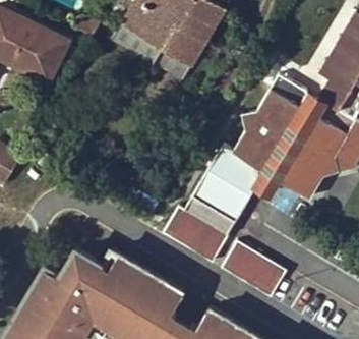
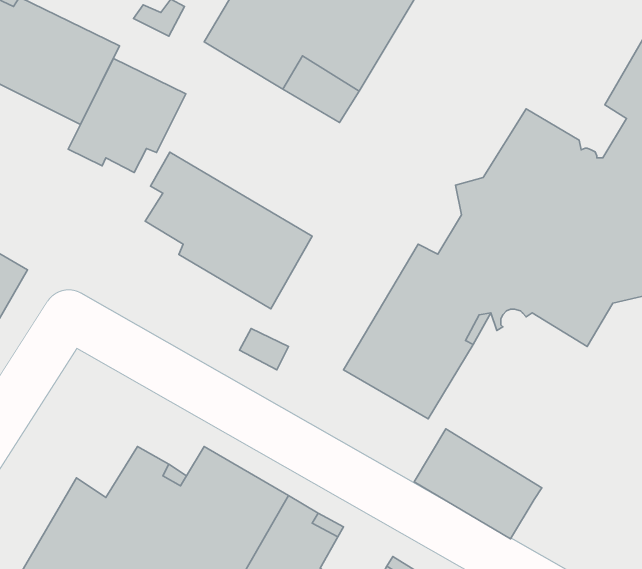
building: none -> [68,59,186,173]
building: none -> [145,152,312,309]
building: [163,207,228,264] -> none

